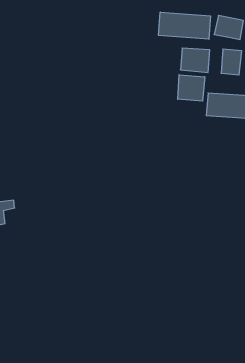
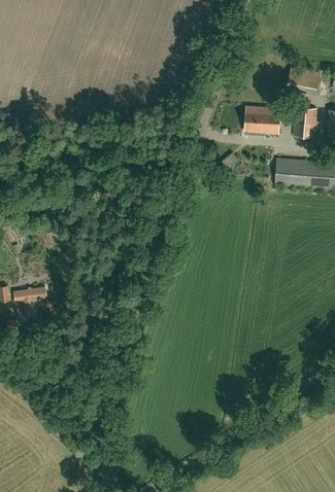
building: [159,12,210,39] -> none
building: [178,75,205,101] -> none

